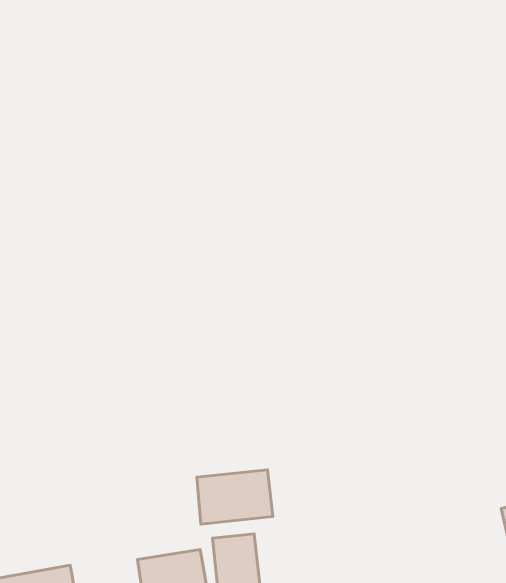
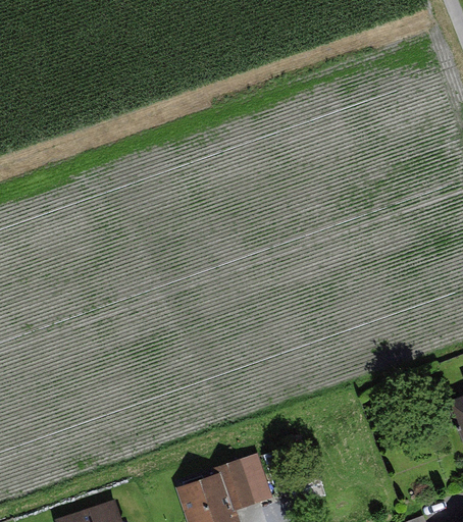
building: [197,470,273,524] -> none

